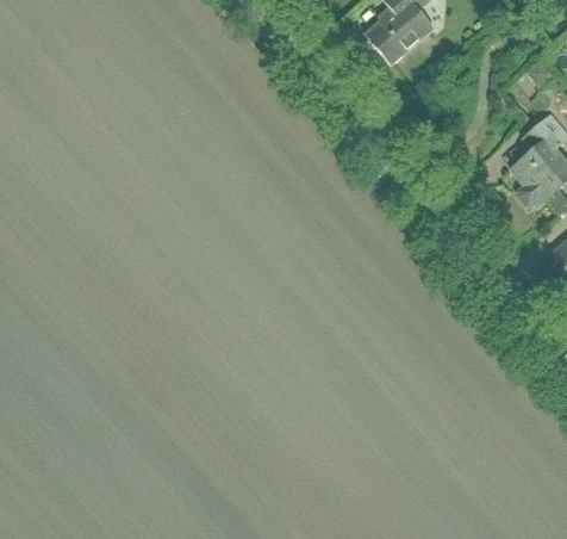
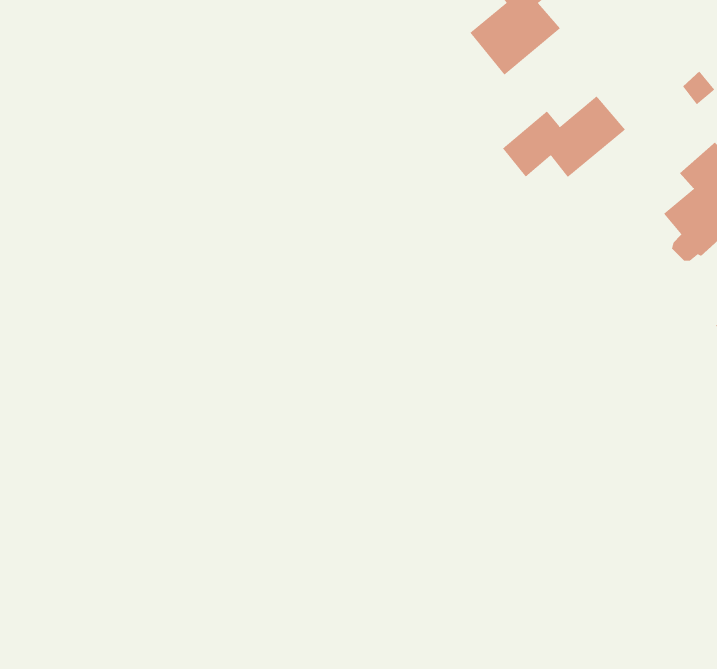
building: none -> [502,95,626,178]

